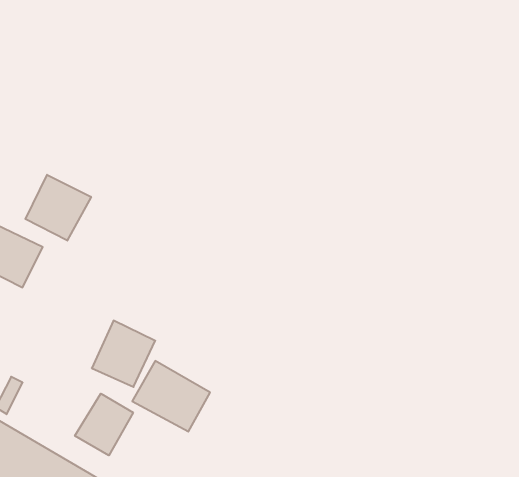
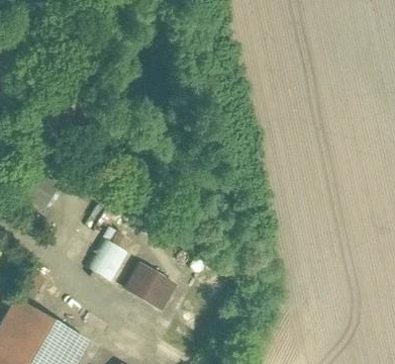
building: [25,175,91,241] -> none
building: [75,394,133,455] -> none

